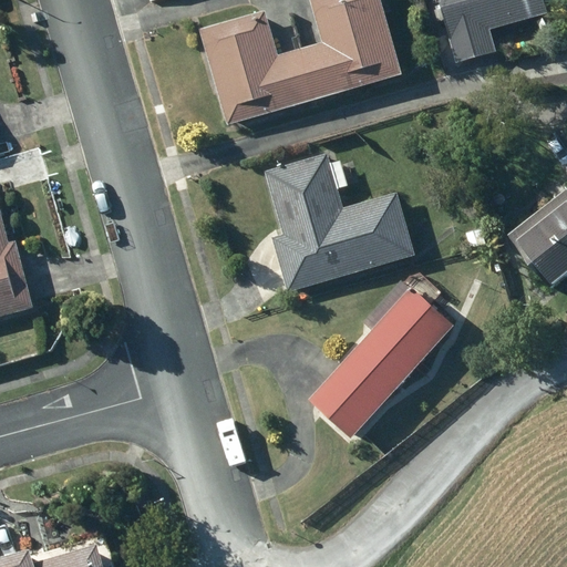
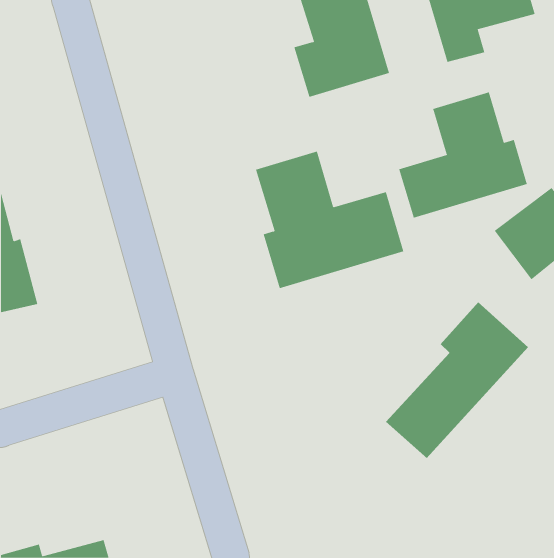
building: [200,11,318,125] -> none
building: none -> [398,91,528,218]
building: [307,279,452,439] -> [385,301,529,459]

